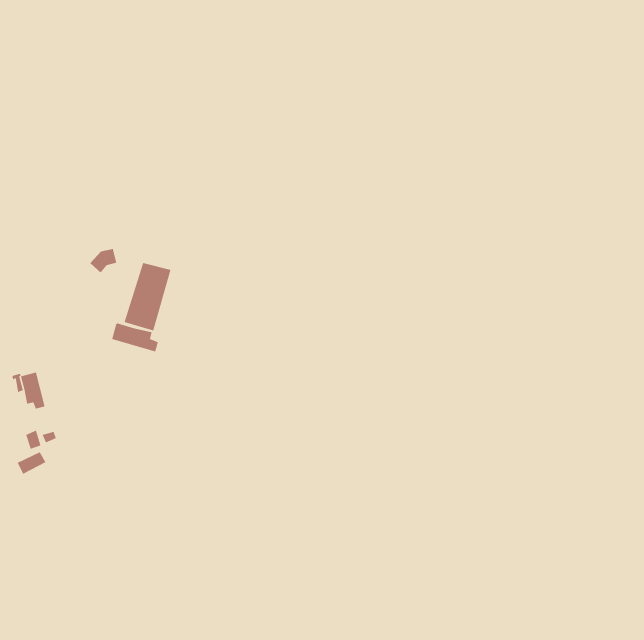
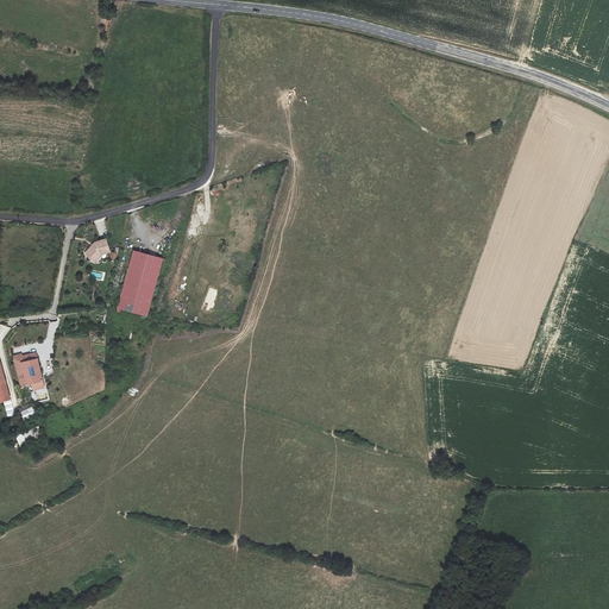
building: [111,322,159,352] -> none

